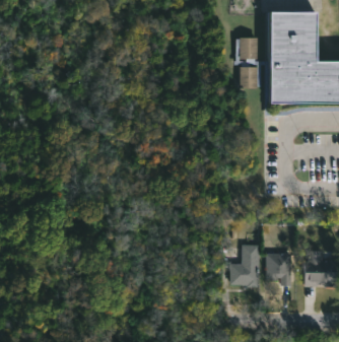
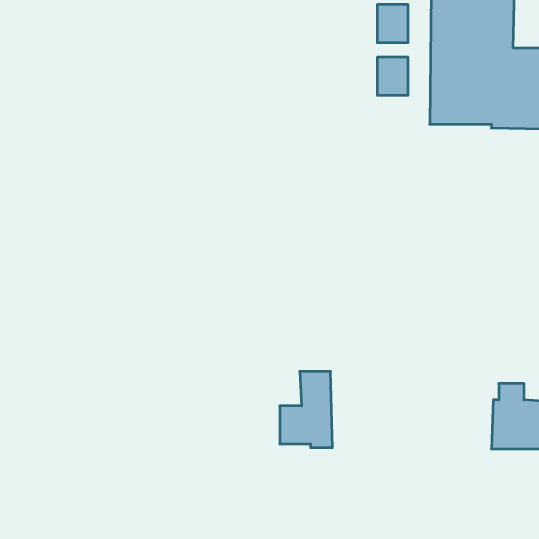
building: [230,244,260,286] -> [280,371,332,448]
building: [266,253,292,284] -> none

